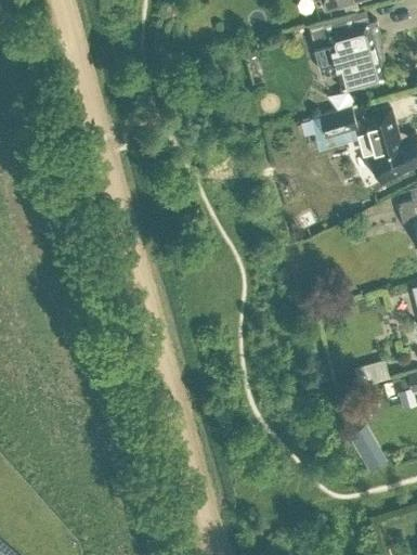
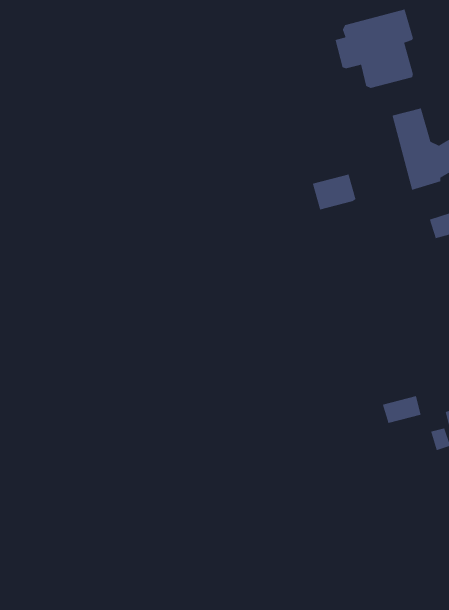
building: [317,106,356,139] -> [312,173,357,211]
building: [350,428,386,468] -> none

